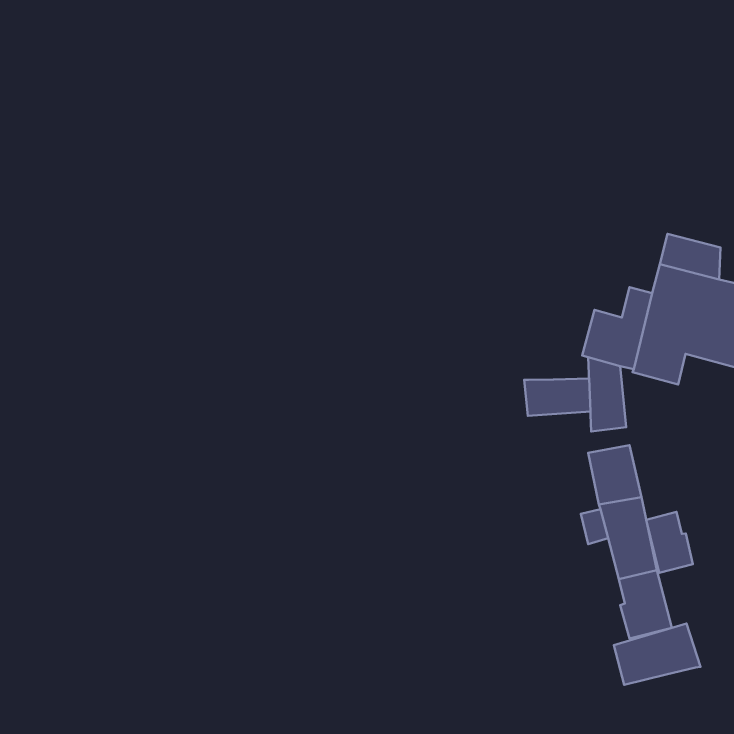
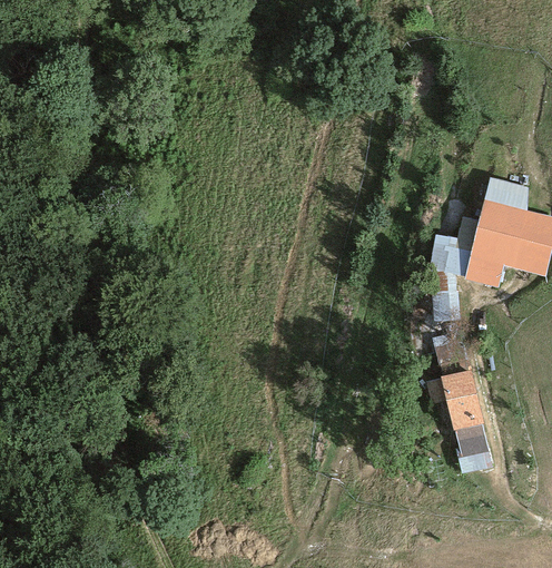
building: [524,379,591,416] -> none
building: [646,512,693,573] -> none
building: [614,624,700,685] -> none

